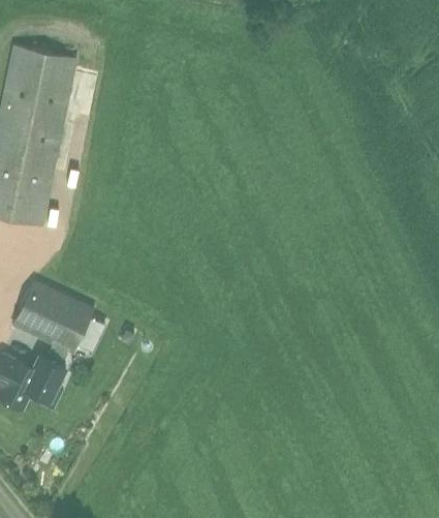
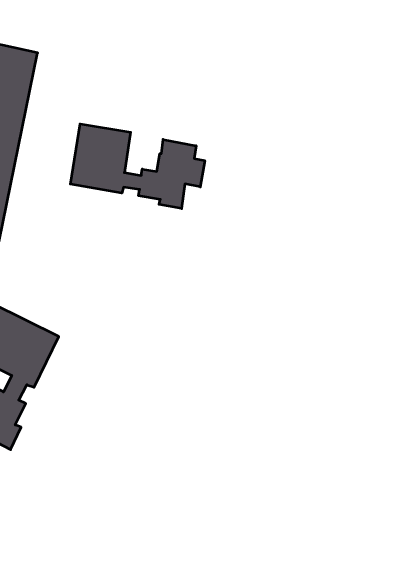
building: none -> [70,124,205,209]

